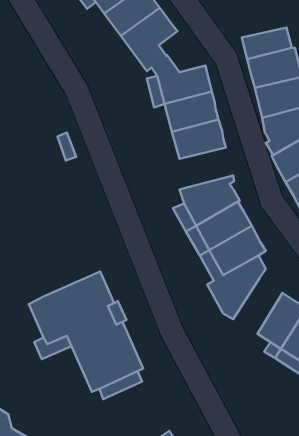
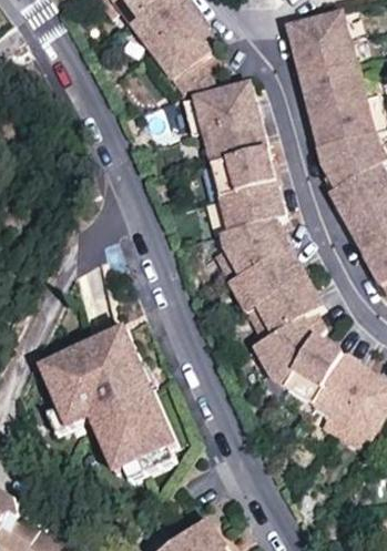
building: none -> [286,9,346,49]
building: none -> [218,180,283,227]
building: none -> [283,335,342,401]

